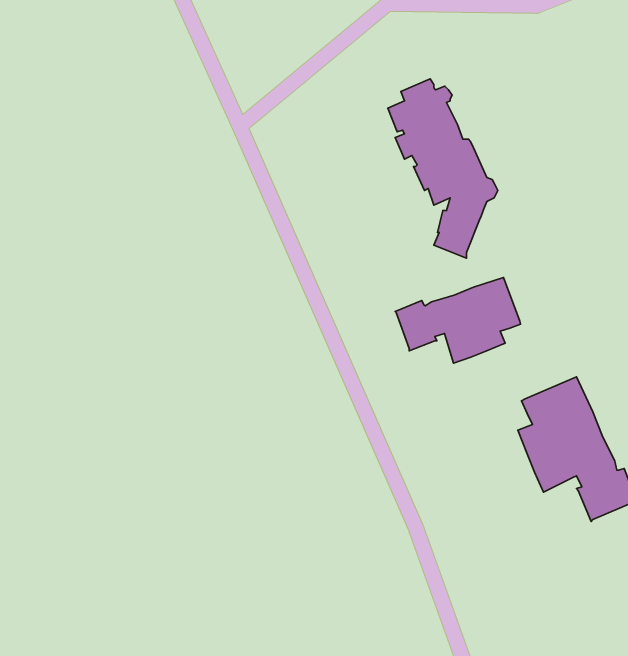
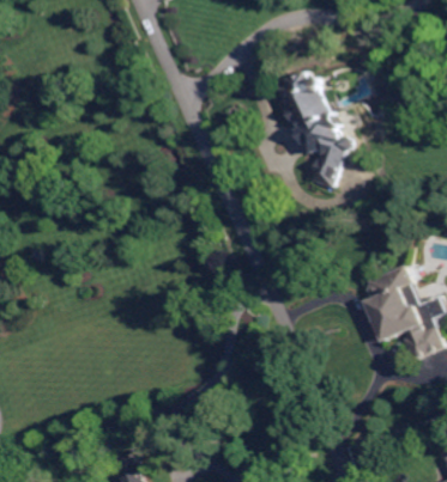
building: [395,277,521,363] -> none

